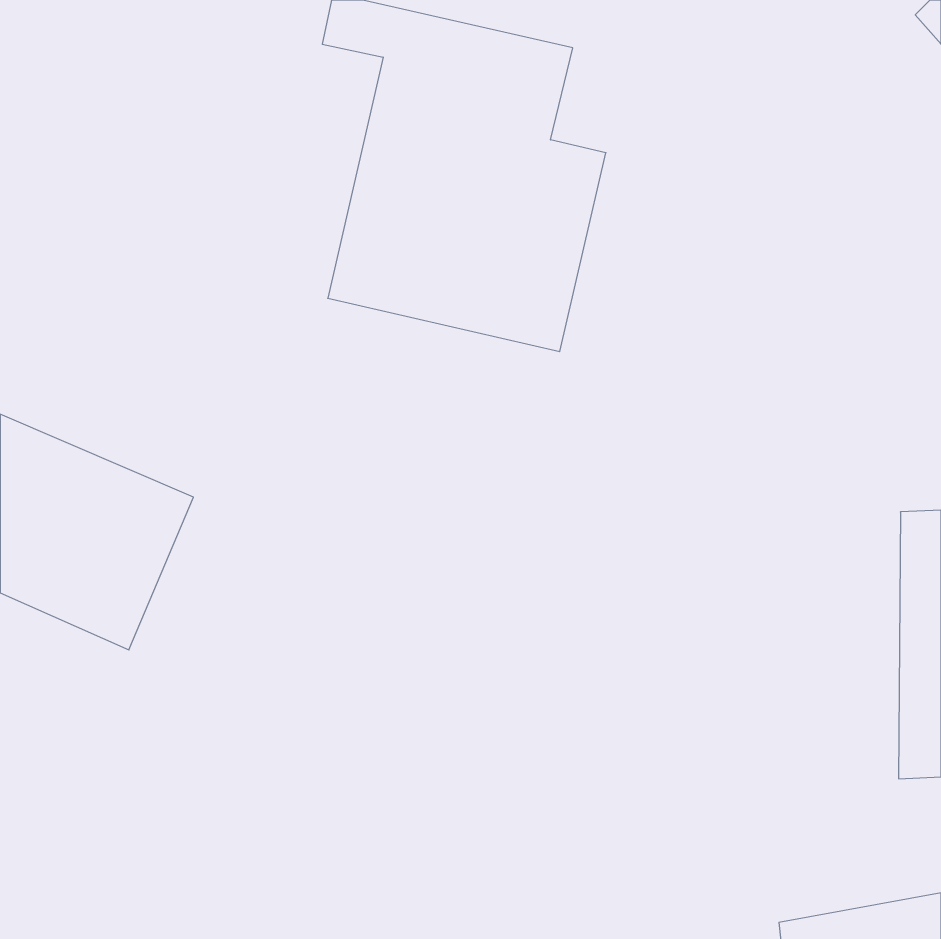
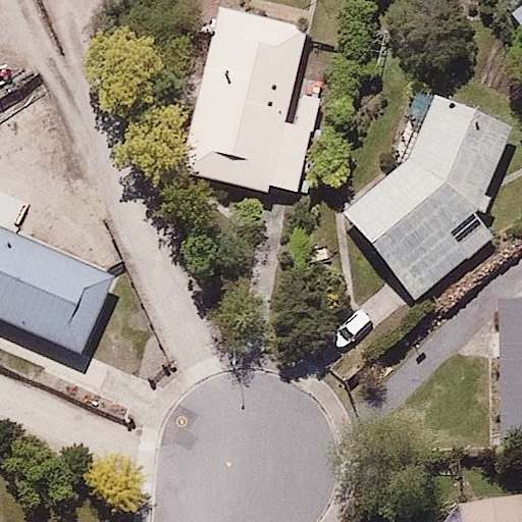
building: none -> [343,94,515,302]

